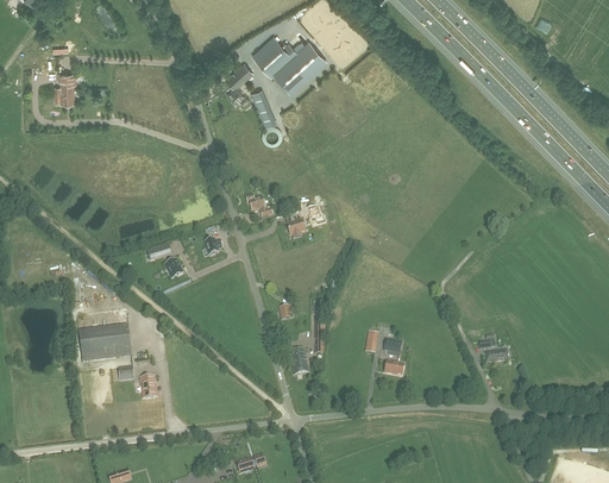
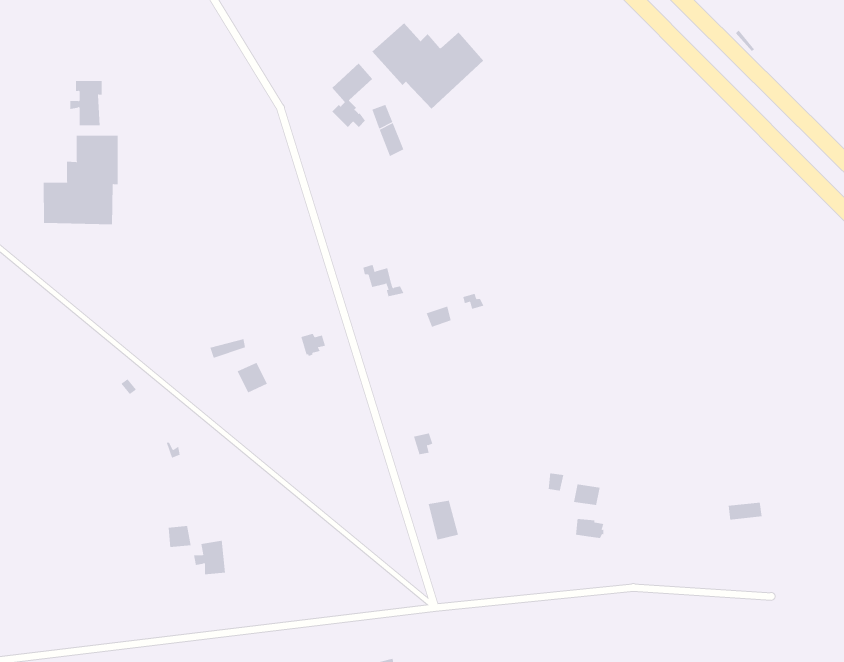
building: none -> [43,135,118,225]
building: [79,327,131,360] -> none

